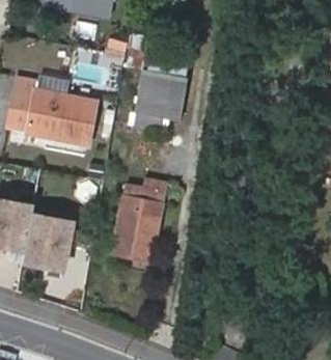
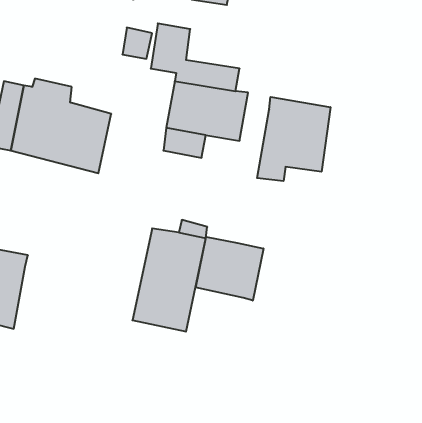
building: none -> [257,97,330,181]
building: none -> [196,237,263,301]
building: [23,214,72,277] -> none

